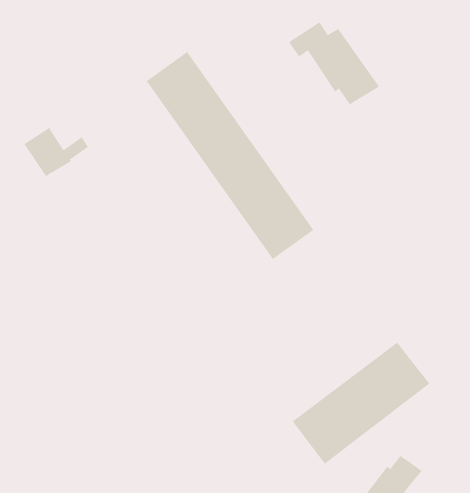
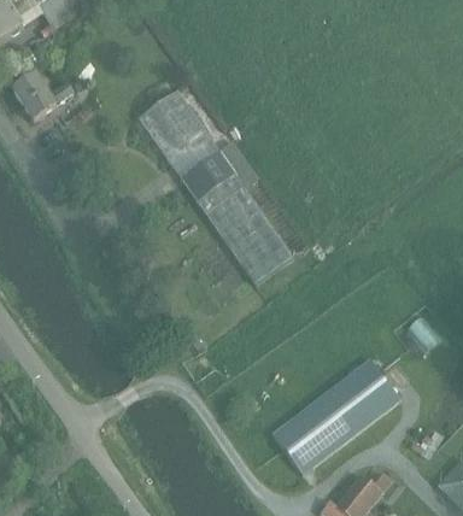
building: [288,22,380,105] -> none
building: [23,127,89,177] -> [13,72,74,118]

